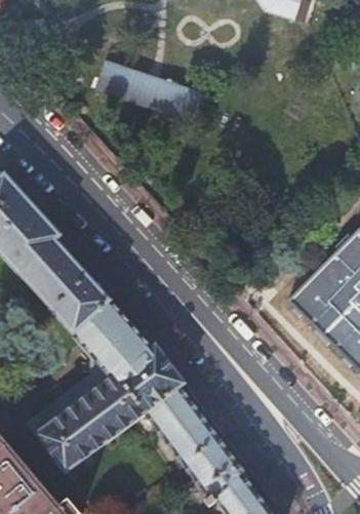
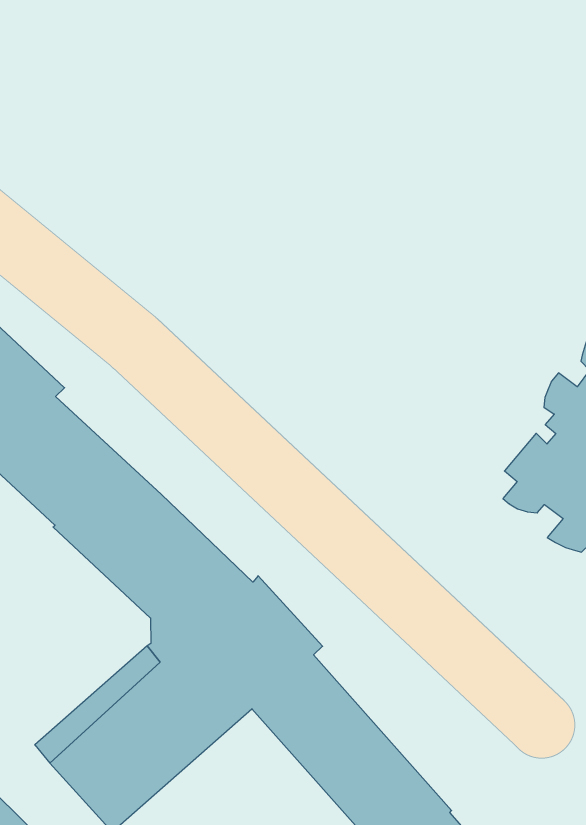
building: [96,63,212,130] -> none

